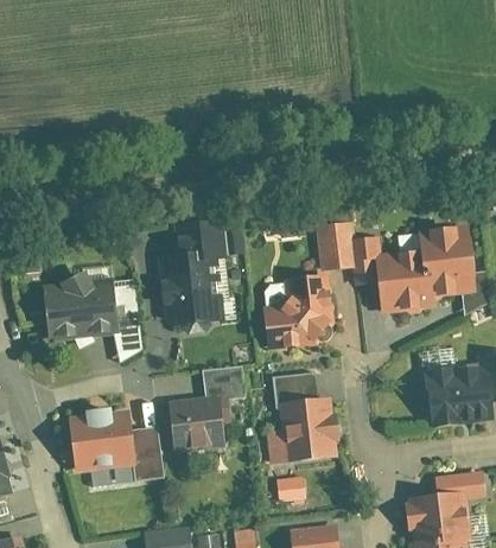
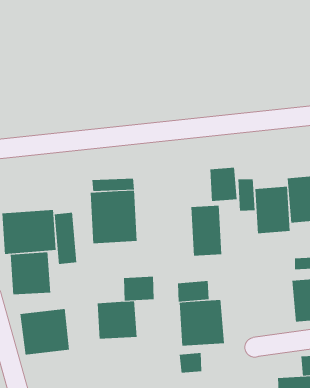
building: [263,305,294,351] -> none
building: none -> [10,251,51,295]
building: [128,426,161,480] -> none

